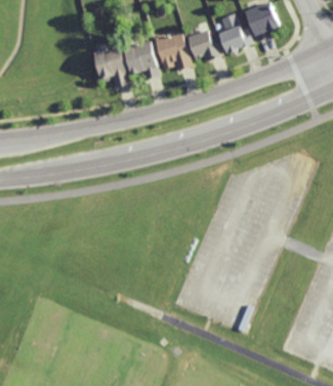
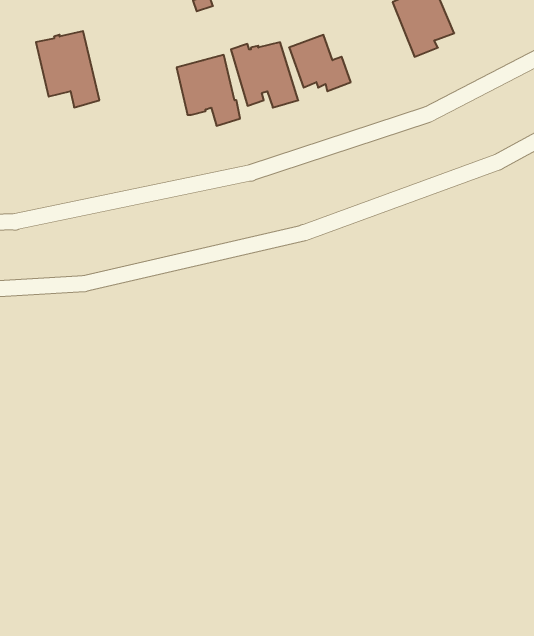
building: [217,24,252,52] -> none
building: [92,45,128,88] -> [36,31,99,107]

